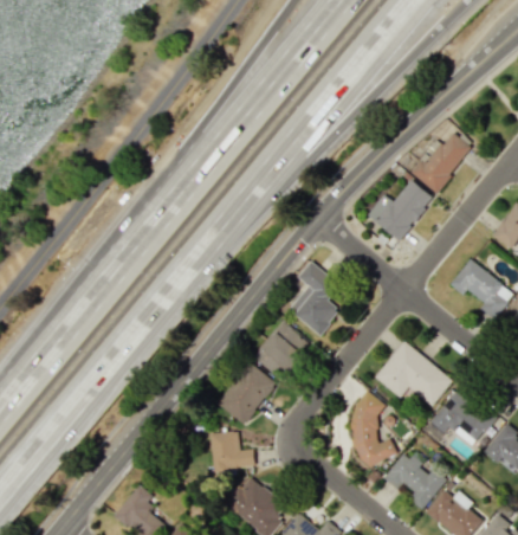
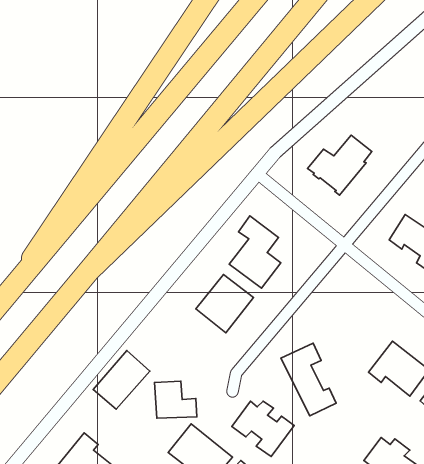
building: [412,130,473,193] -> none
building: [375,341,454,406] -> none
building: [216,363,274,424] -> [93,351,150,409]
building: [383,453,447,510] -> [232,401,294,456]

